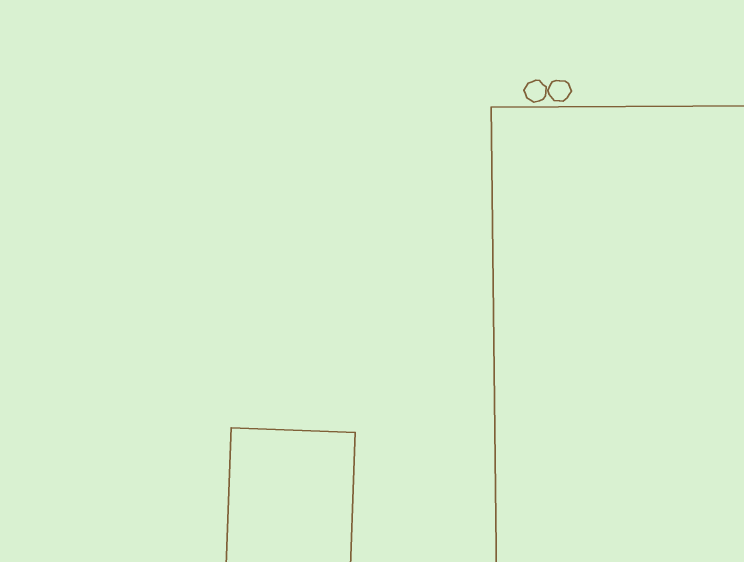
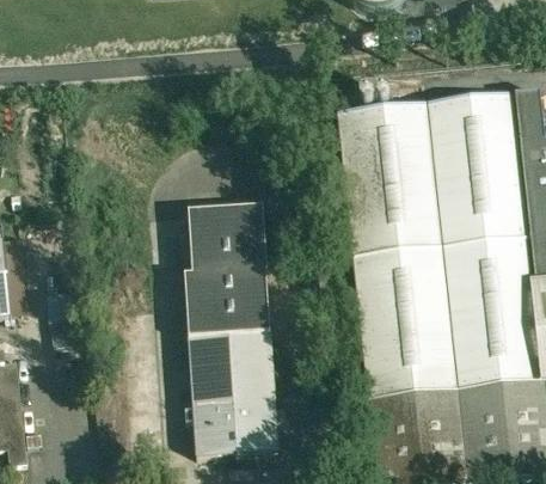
building: none -> [183,204,269,335]

